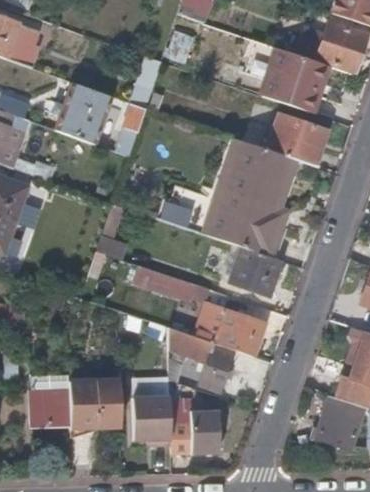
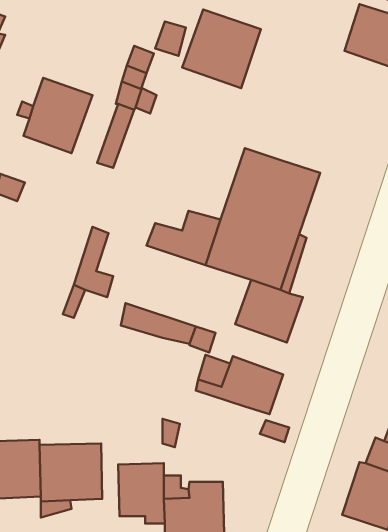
building: [262,49,326,113] -> [182,10,261,88]
building: [266,113,328,166] -> none
building: [168,327,236,392] -> none

